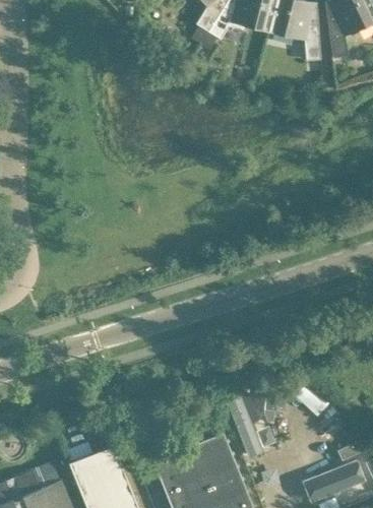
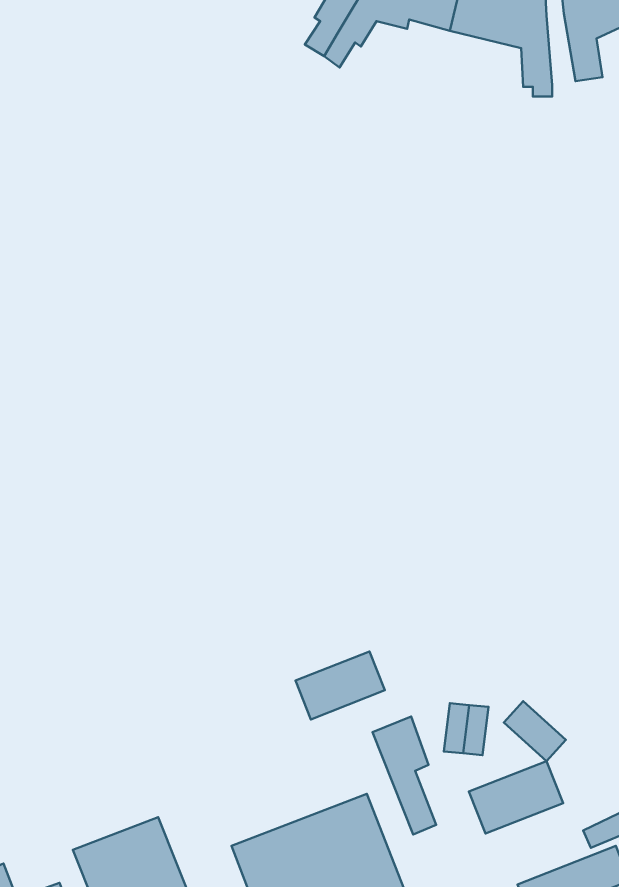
building: none -> [296,651,385,719]
building: none -> [469,761,563,834]

